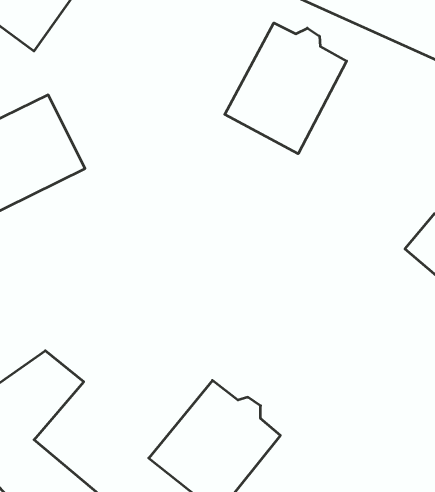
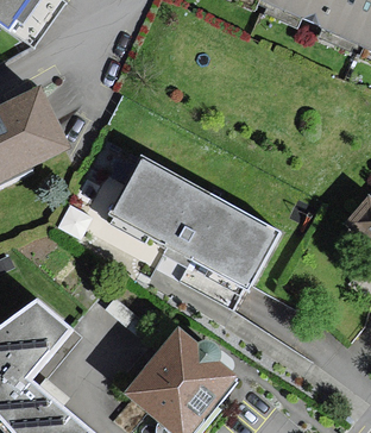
building: [225,23,347,154] -> none
building: none -> [112,158,275,284]

